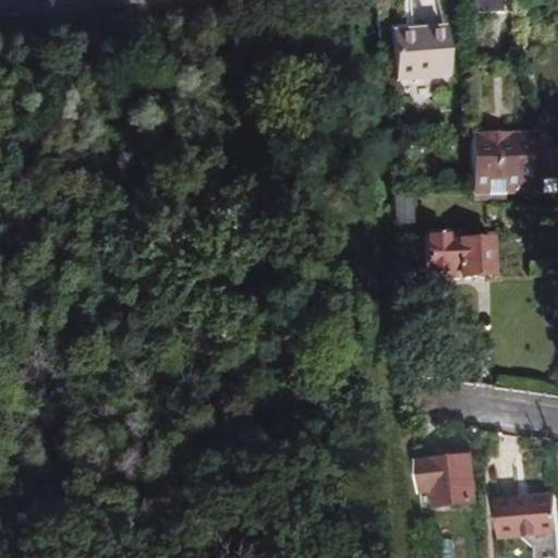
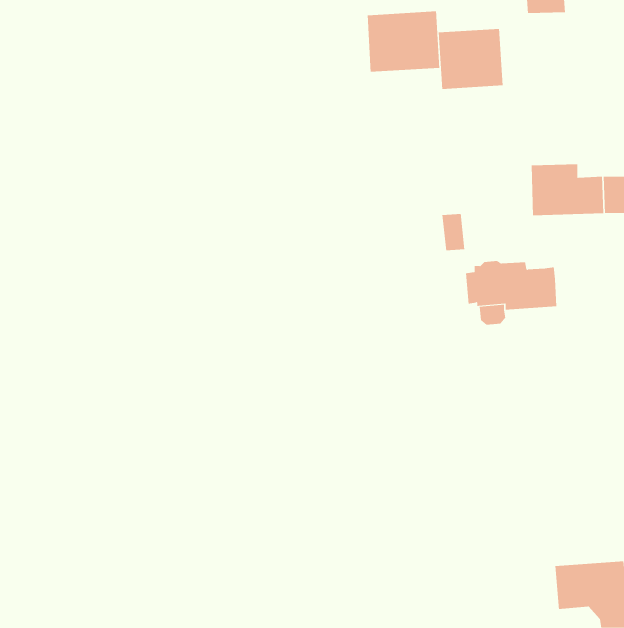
building: none -> [367,11,440,73]
building: [417,450,476,507] -> none

